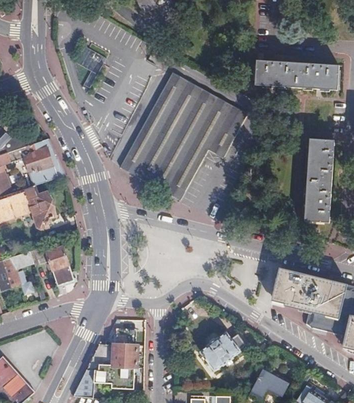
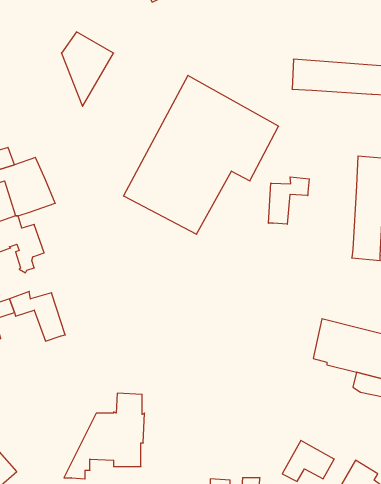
building: none -> [268,177,309,224]
building: [199,332,245,371] -> none

